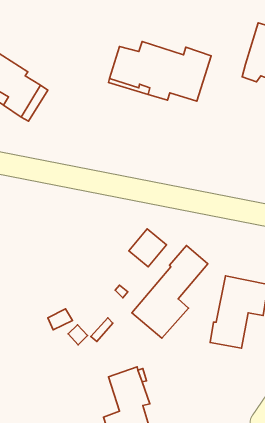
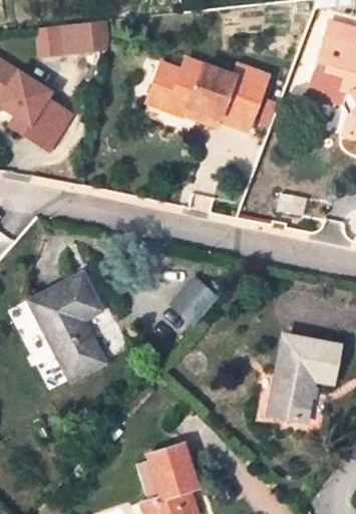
building: none -> [35,22,109,56]
building: none -> [28,275,100,377]
building: [132,246,208,338] -> none

